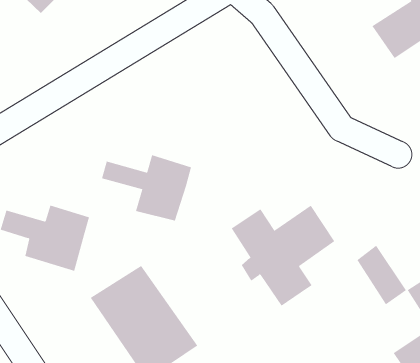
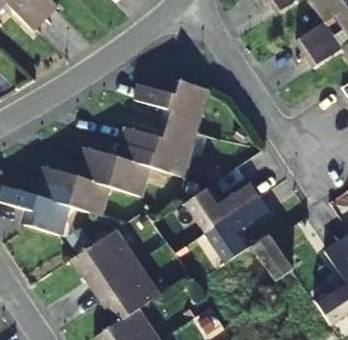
building: none -> [121,76,207,175]
building: none -> [40,160,113,214]
building: [357,245,407,305] -> [252,232,292,280]

